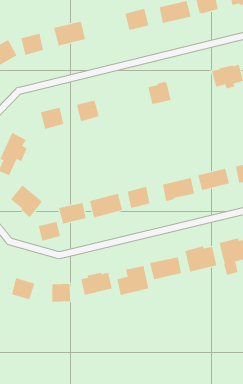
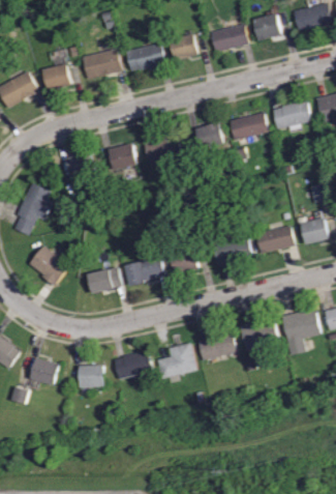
building: none -> [125,43,164,70]
building: none -> [228,112,268,140]
building: none -> [143,134,190,166]
building: [38,221,61,242] -> none

